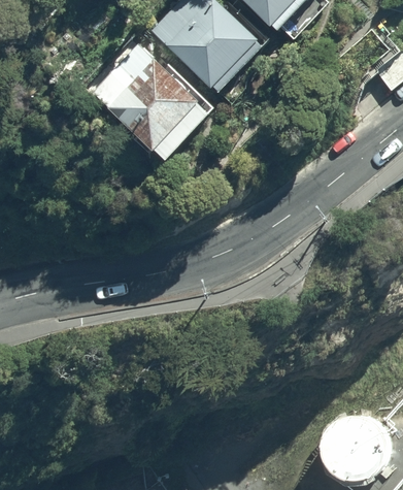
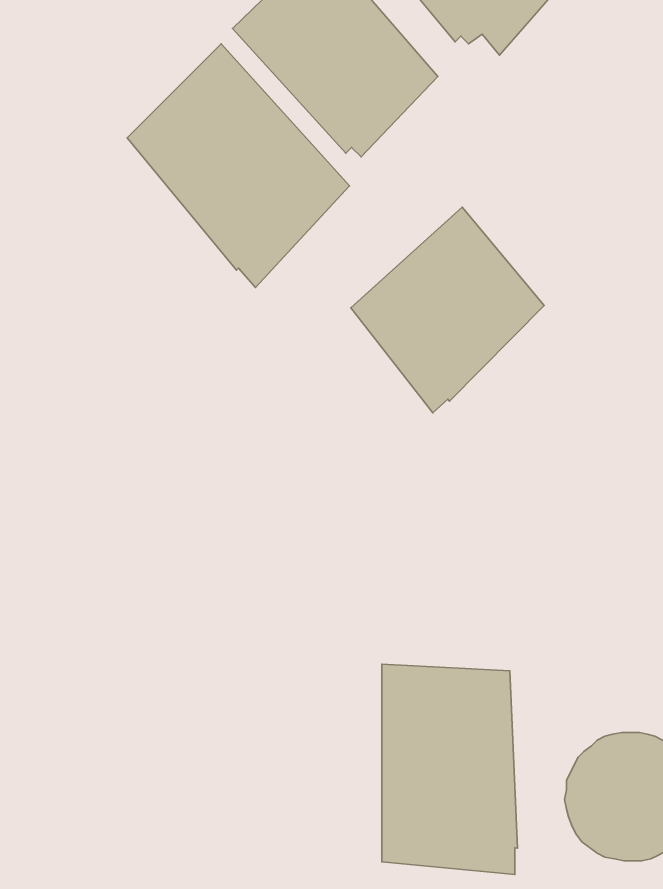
building: none -> [351,207,544,413]
building: none -> [382,664,517,875]

